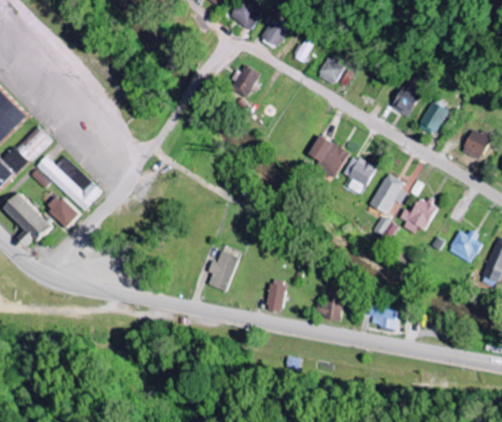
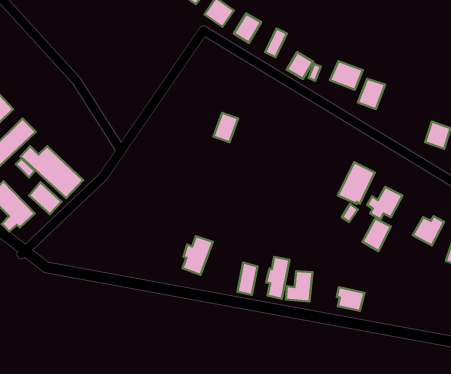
building: [233,65,259,96] -> [213,113,238,142]
building: none -> [330,61,363,90]
building: [417,101,448,135] -> none
building: [310,135,350,177] -> none
building: [344,155,376,193] -> none
building: none -> [362,218,391,251]
building: none -> [266,257,289,299]

